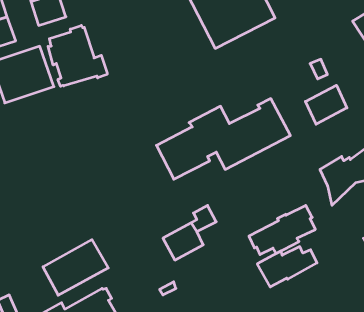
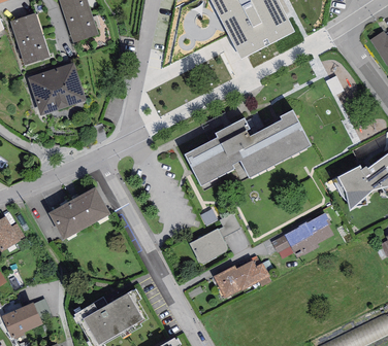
building: [48,25,107,86] -> none
building: [305,85,347,124] -> none
building: [43,240,108,295] -> [48,186,110,239]
building: [257,247,317,287] -> [213,258,269,297]

